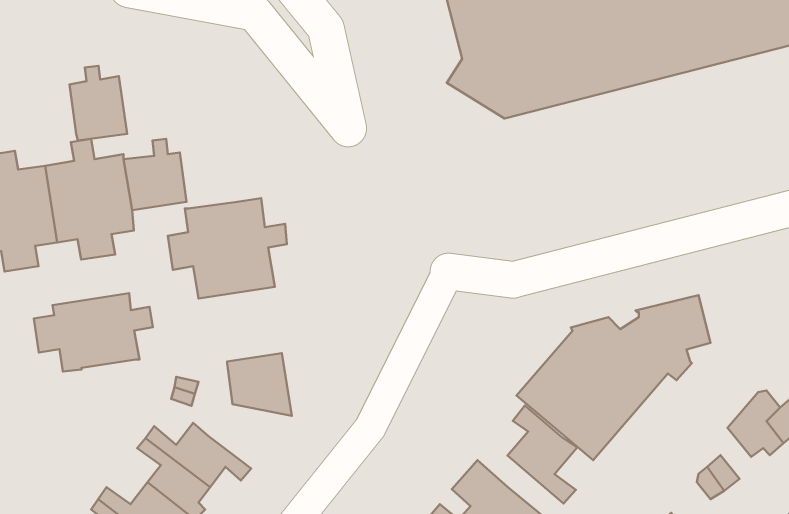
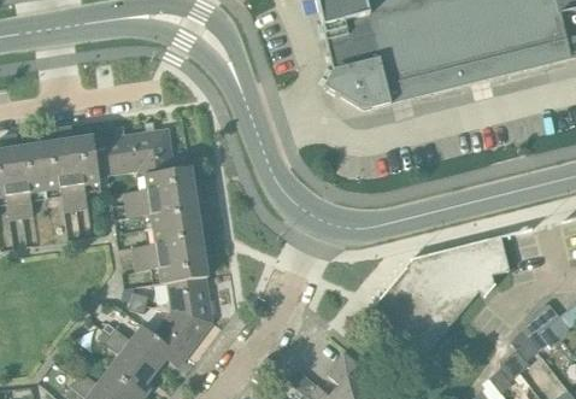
building: [69,66,127,141] -> [134,122,175,175]
building: [34,293,153,371] -> [134,230,218,286]
building: none -> [154,313,213,359]
building: [507,406,577,503] -> none

